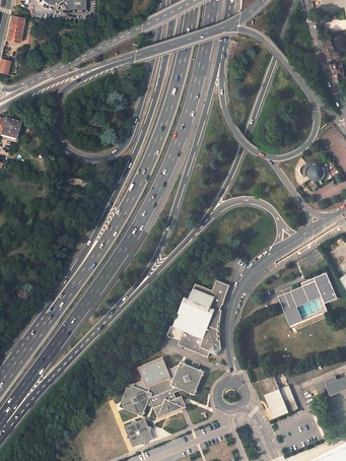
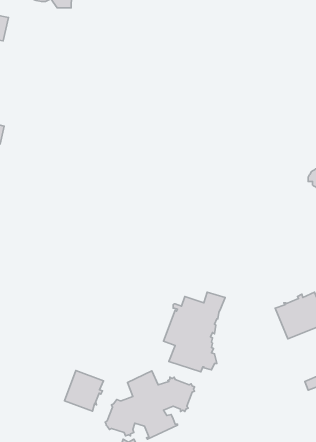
building: none -> [65,371,103,411]
building: [263,376,297,417] -> none

